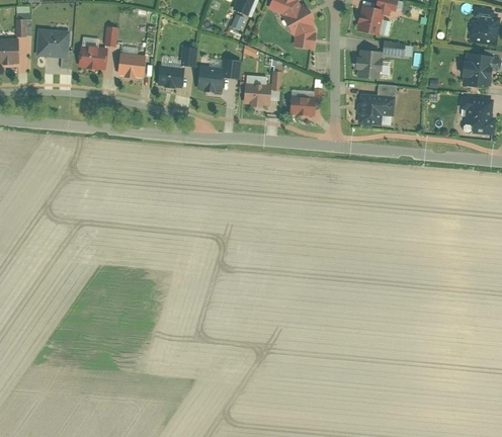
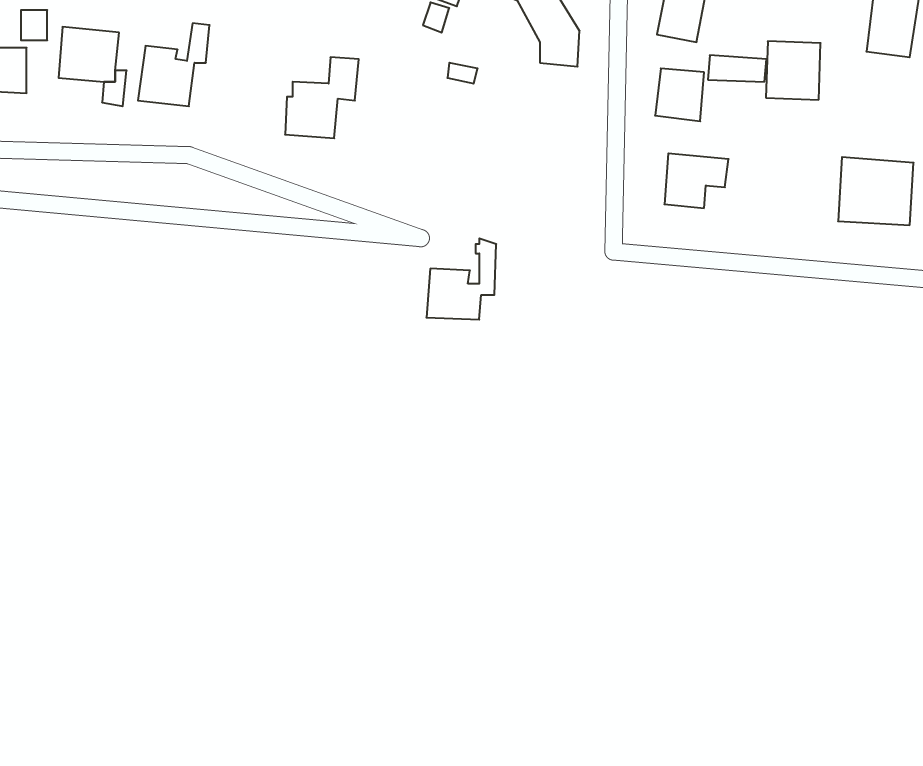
building: [118,46,147,77] -> none
building: [466,54,495,85] -> [766,41,821,100]
building: [198,59,241,92] -> none
building: [245,59,282,102] -> [426,238,496,320]
building: [289,80,327,116] -> none

